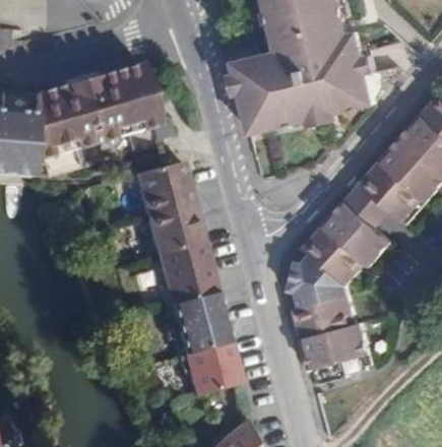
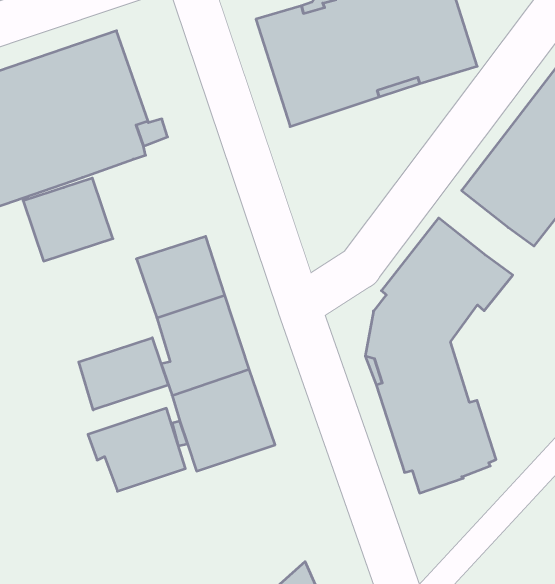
building: [134,161,192,213] -> [23,178,113,261]
building: [346,181,392,225] -> none
building: none -> [79,338,168,410]
building: [177,341,240,394] -> [88,408,185,491]

